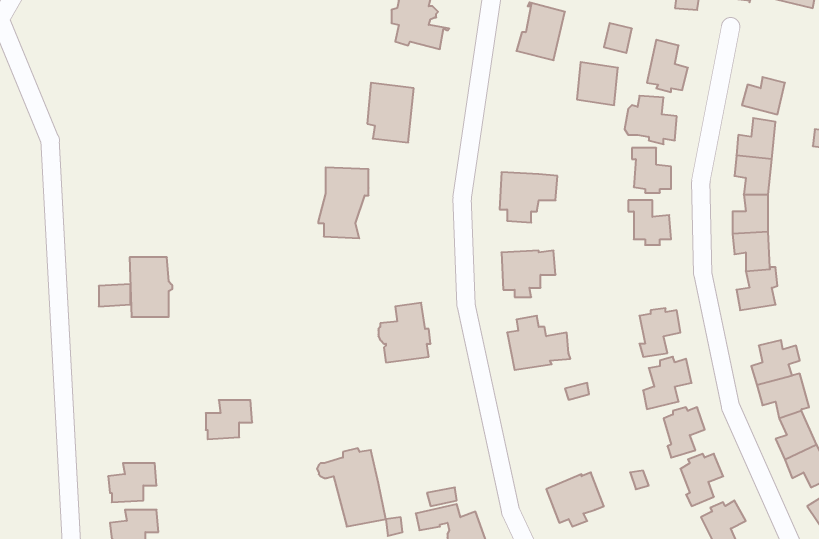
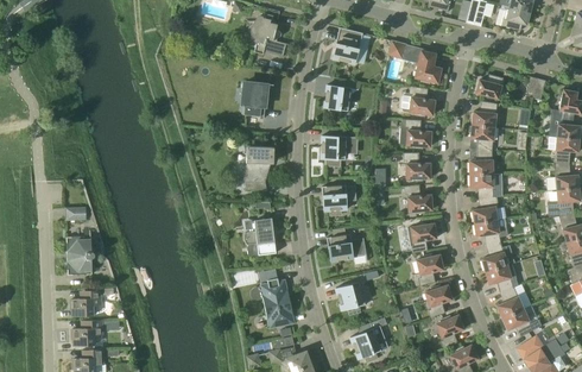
building: [577,62,618,105] -> [325,83,352,111]
building: [318,167,369,238] -> [242,145,274,190]
building: none -> [399,184,432,213]
building: [130,257,172,317] -> [68,235,95,273]
building: none -> [475,219,508,245]
building: [206,400,252,439] -> [72,290,102,315]
building: none -> [336,280,366,313]
building: [317,448,386,527] -> [252,277,296,327]

